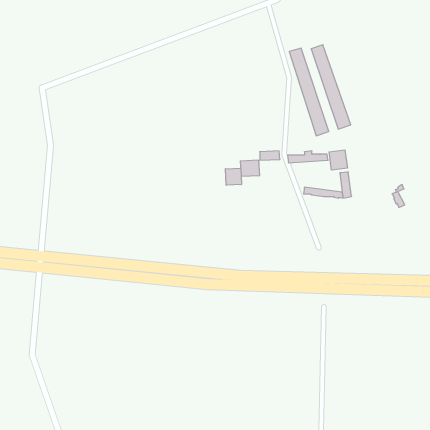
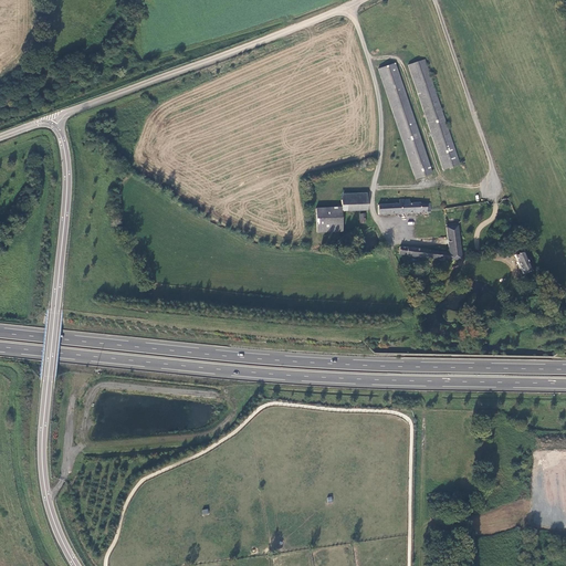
building: [329,150,347,170] -> none
building: [225,168,241,185] -> none

